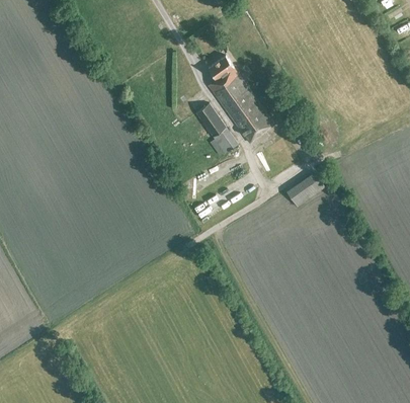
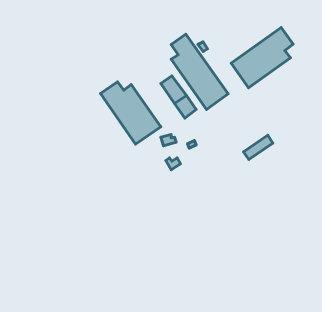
building: none -> [231,28,293,88]
building: none -> [101,82,161,144]

